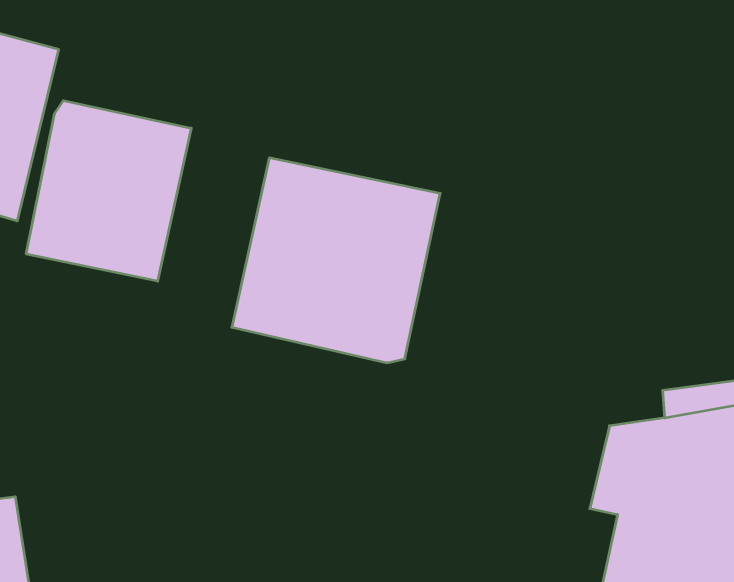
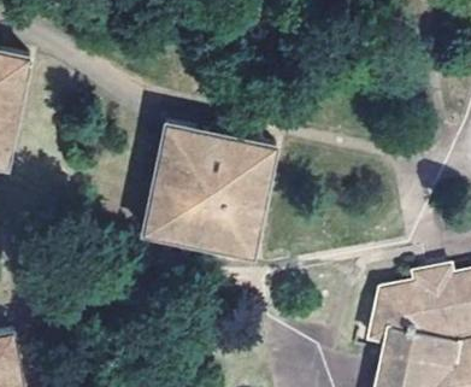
building: [26,101,191,281] -> none

